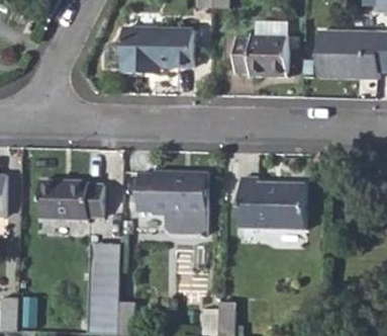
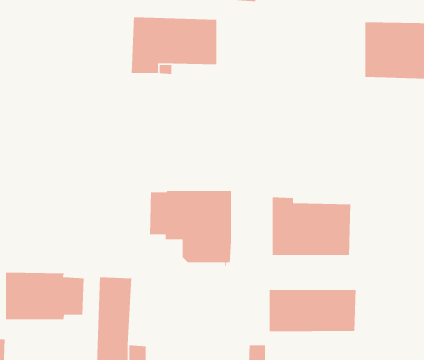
building: [228,36,285,77] -> none
building: [37,181,103,222] -> [5,272,84,320]
building: none -> [269,289,357,332]

